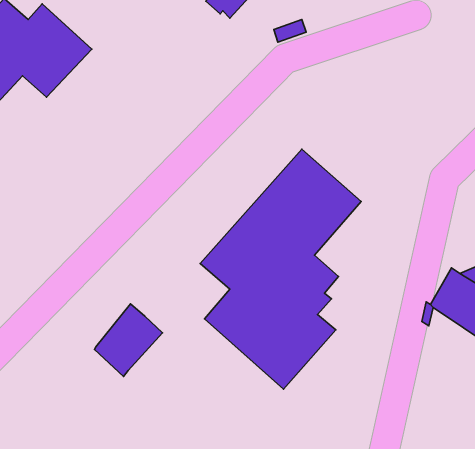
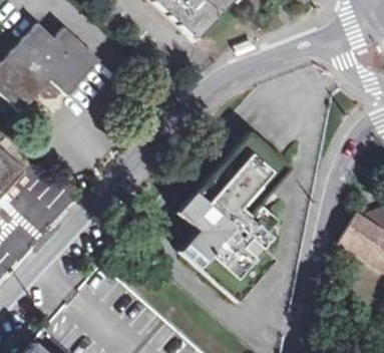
building: [95,304,162,377] -> none

